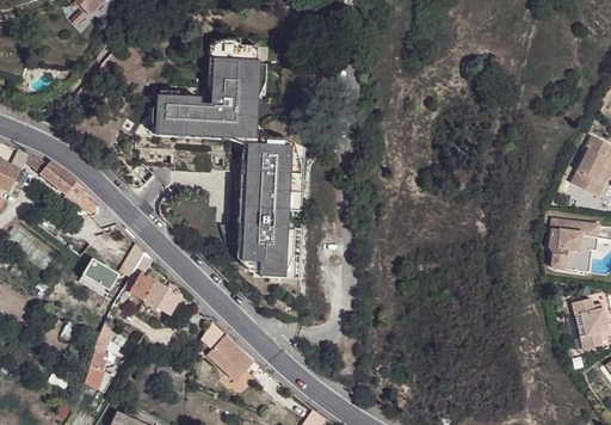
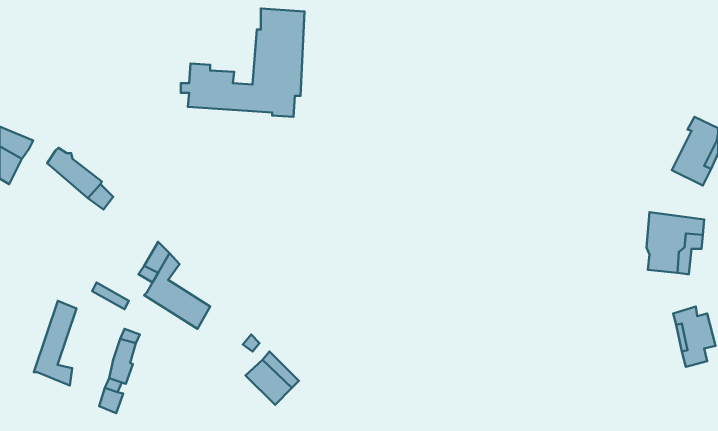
building: [237,137,292,276] -> none
building: [82,261,119,294] -> none
building: none -> [34,301,76,386]

